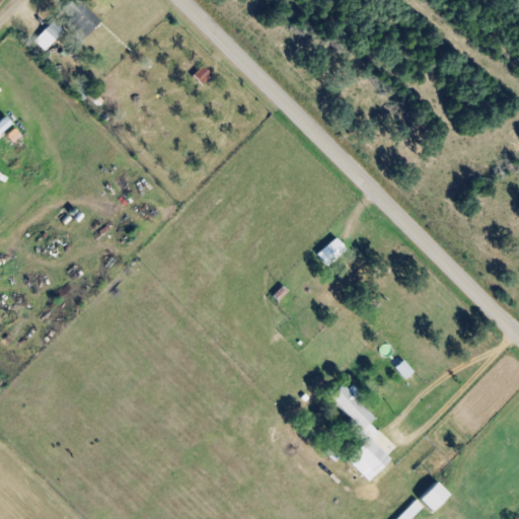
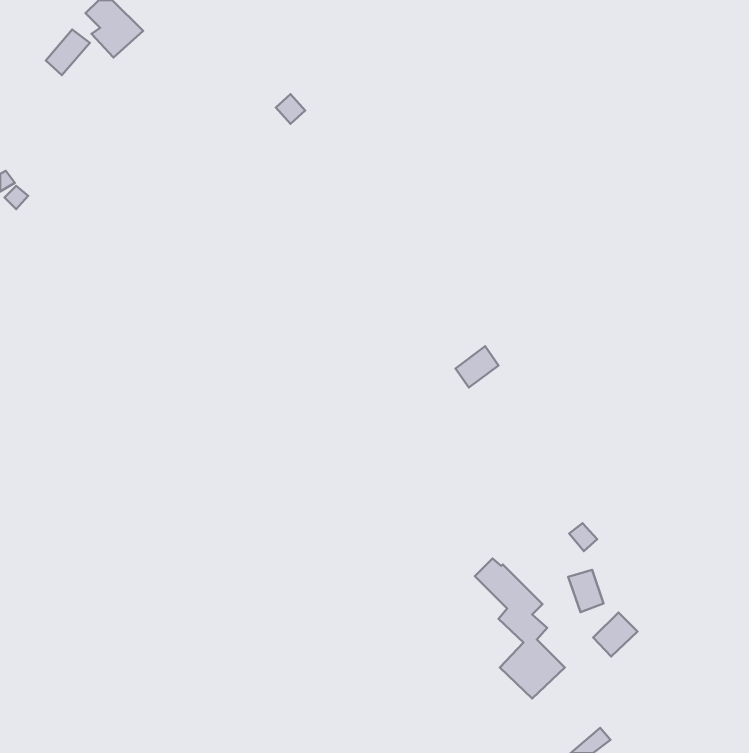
building: none -> [568,570,604,612]
building: [419,481,449,512] -> [593,612,638,657]

